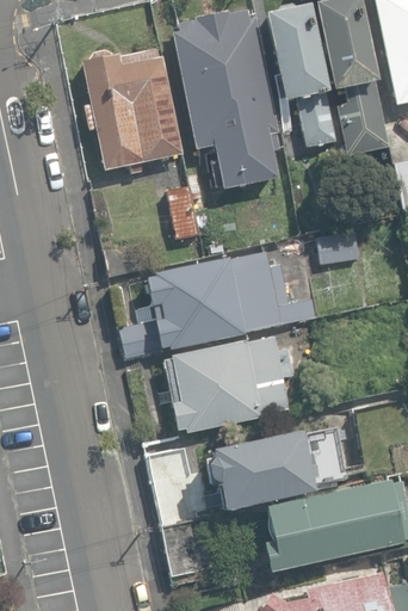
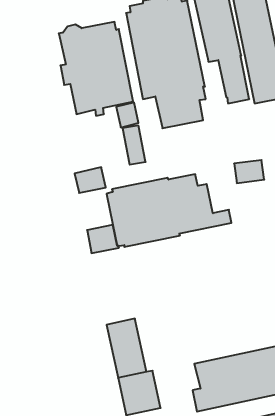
building: [163,337,292,433] -> none
building: [205,430,347,511] -> none

